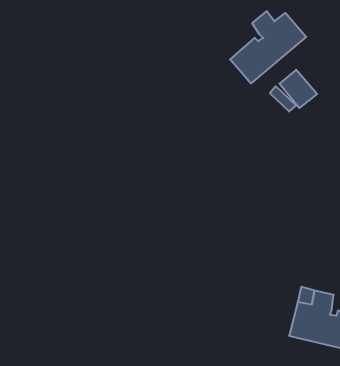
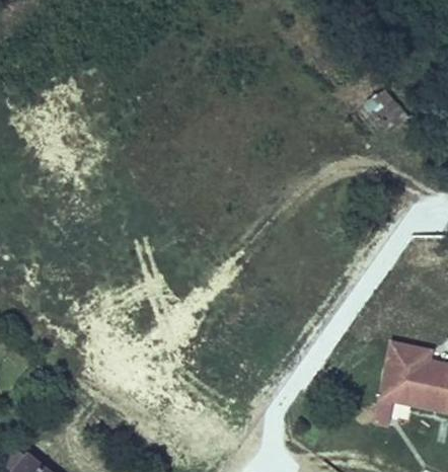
building: [230,11,306,83] -> none

